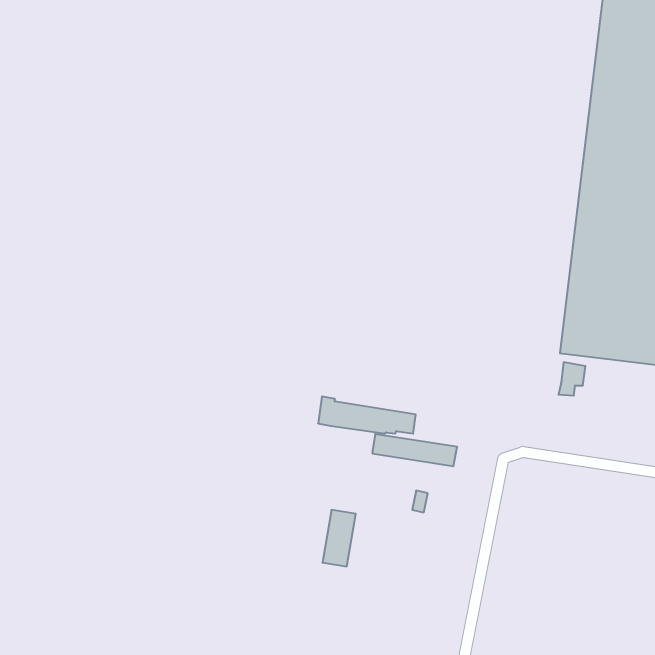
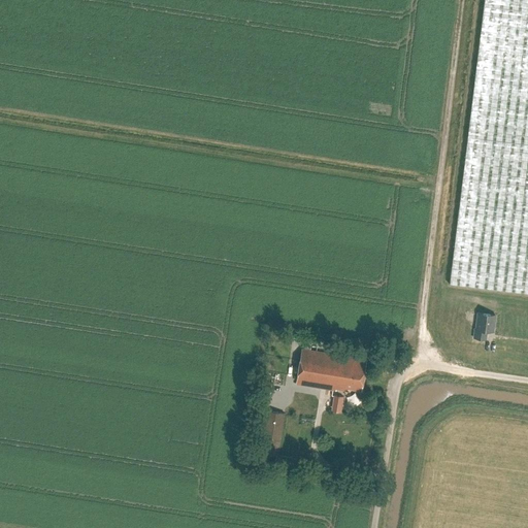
building: [558,362,585,396] -> [474,311,496,338]
building: [318,396,416,434] -> [287,360,365,390]

